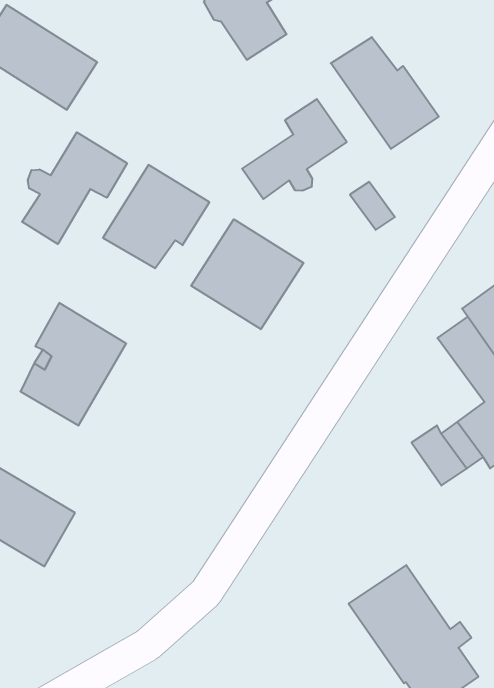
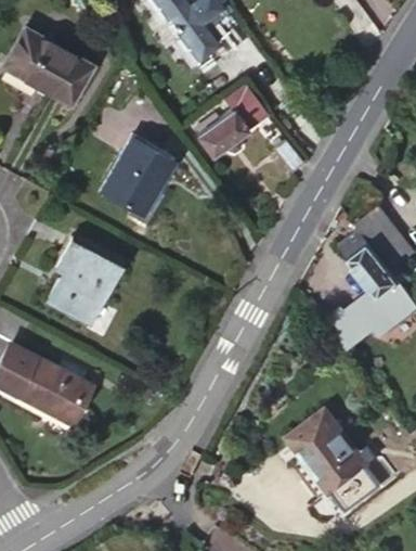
building: [331,37,439,149] -> none
building: [22,132,127,244] -> none
building: [191,219,303,329] -> none

